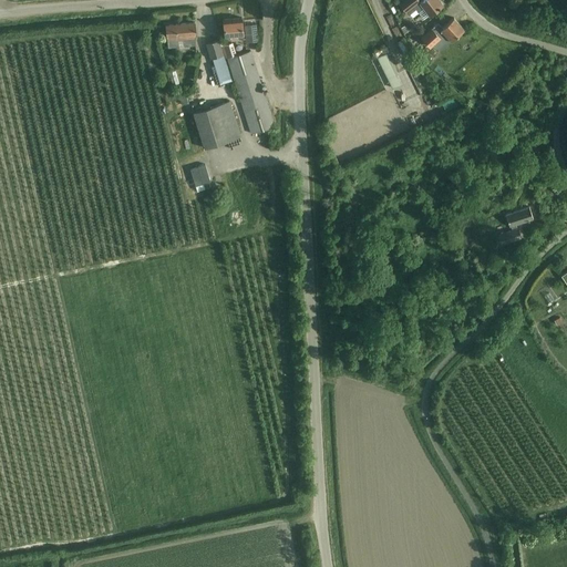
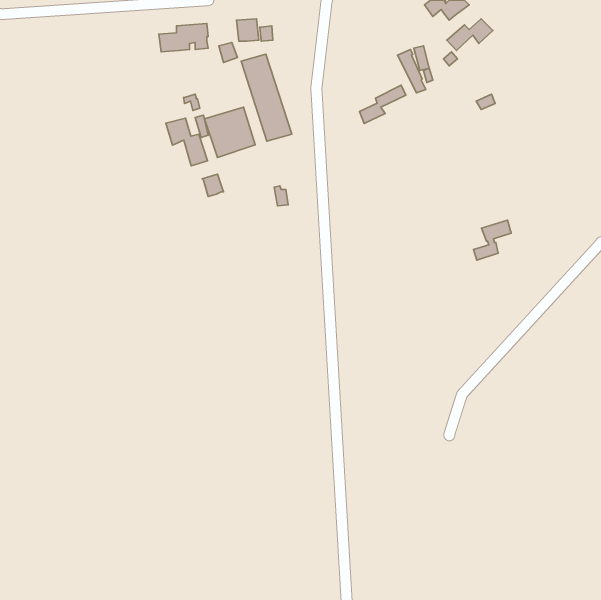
building: none -> [360,85,406,124]
building: none -> [166,118,208,166]
building: [497,207,533,245] -> [473,220,511,260]

